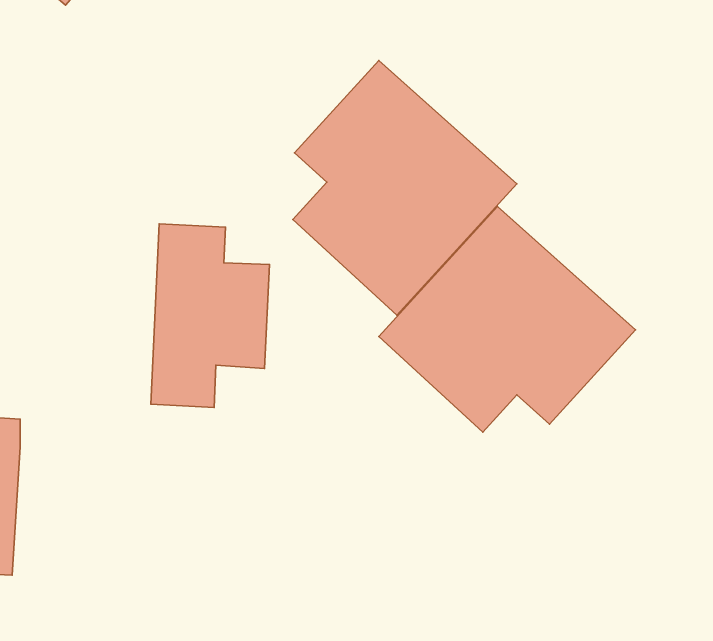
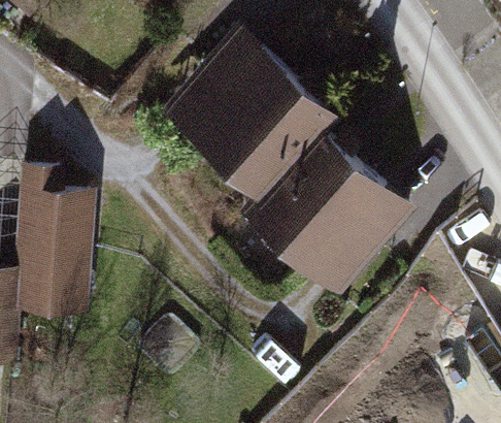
building: [151,224,269,407] -> [16,170,92,287]

